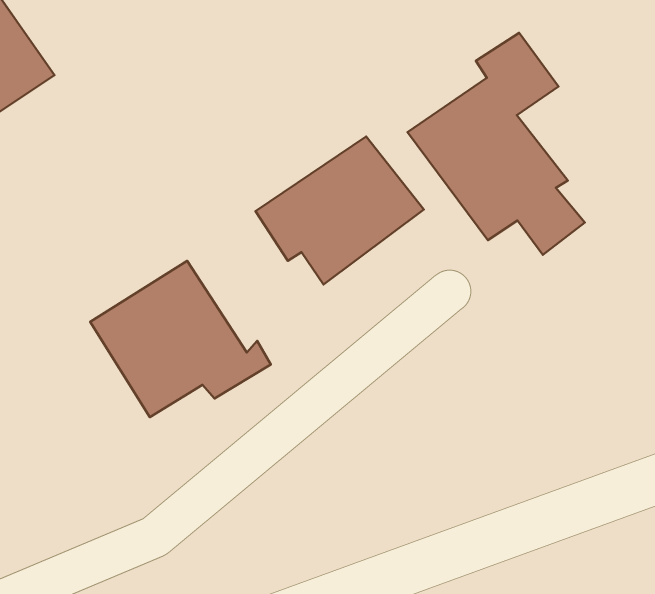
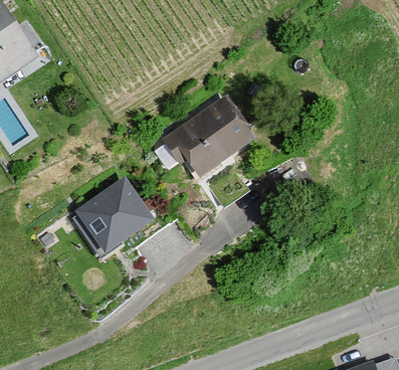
building: [407,33,585,255] -> none

